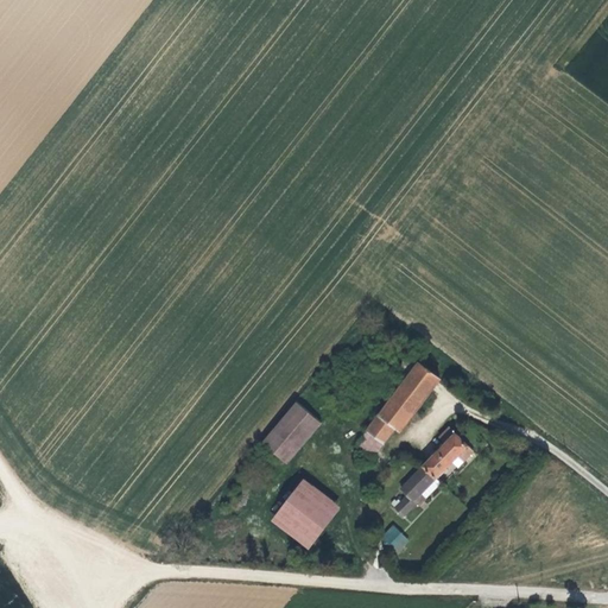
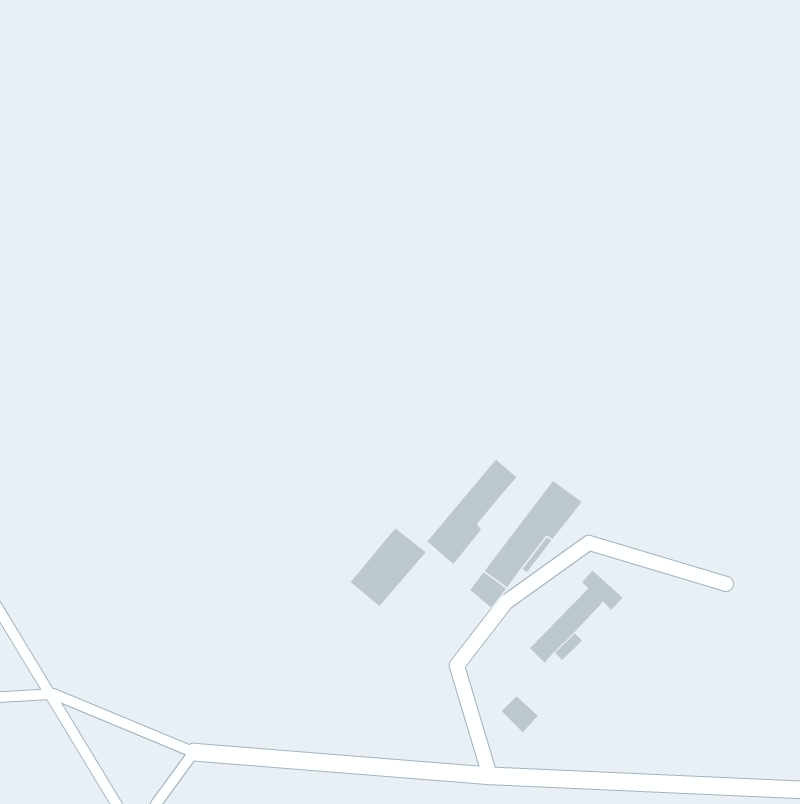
building: none -> [426,459,517,565]
building: [270,479,340,549] -> none

